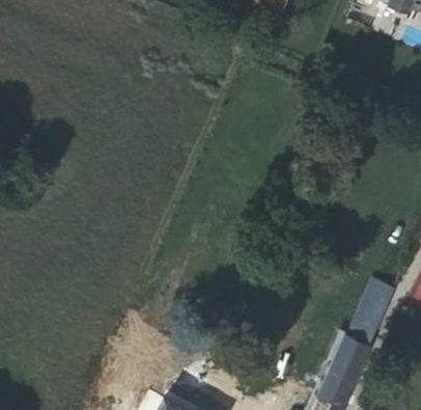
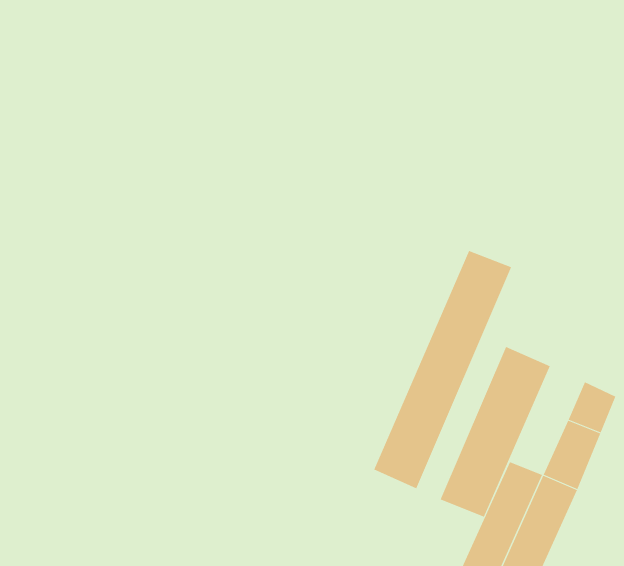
building: none -> [374,250,512,489]
building: none -> [440,346,550,517]

